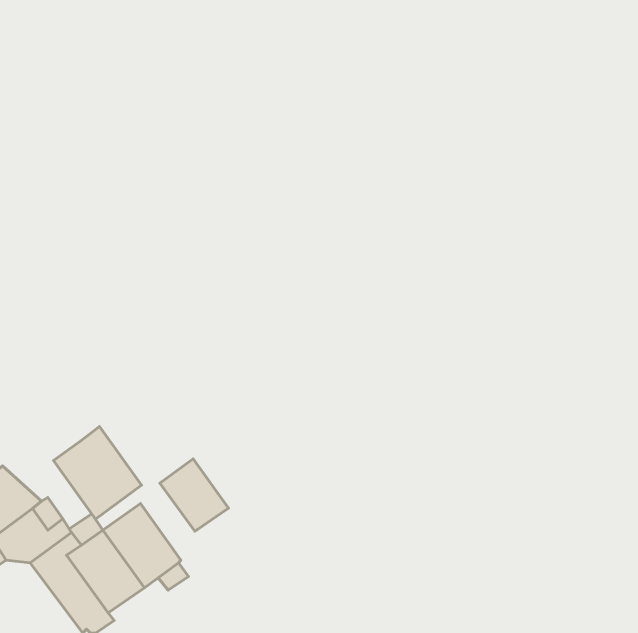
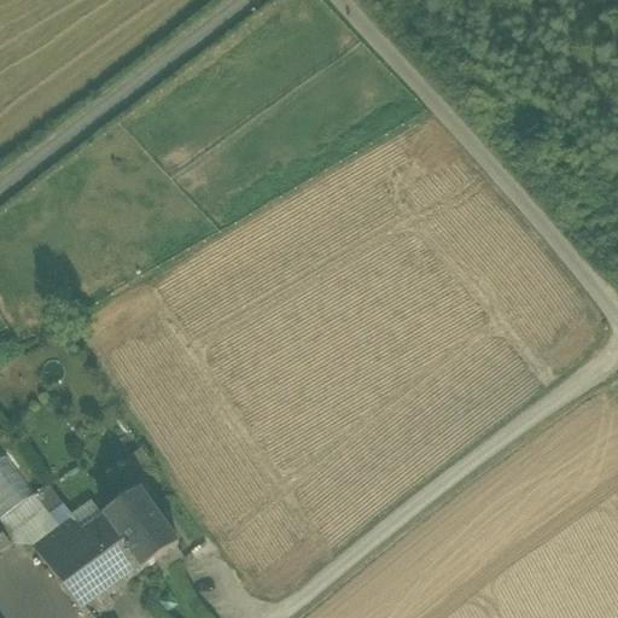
building: [54,427,142,519] -> none
building: [160,459,228,531] -> none

